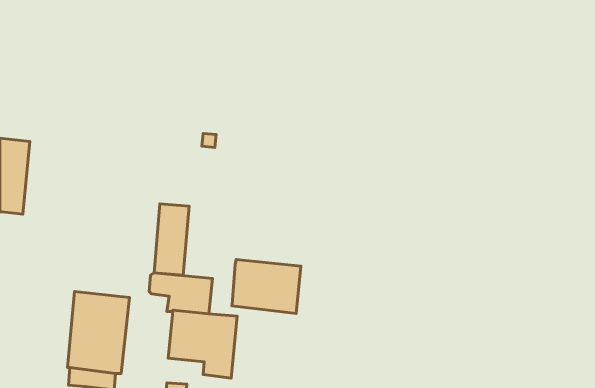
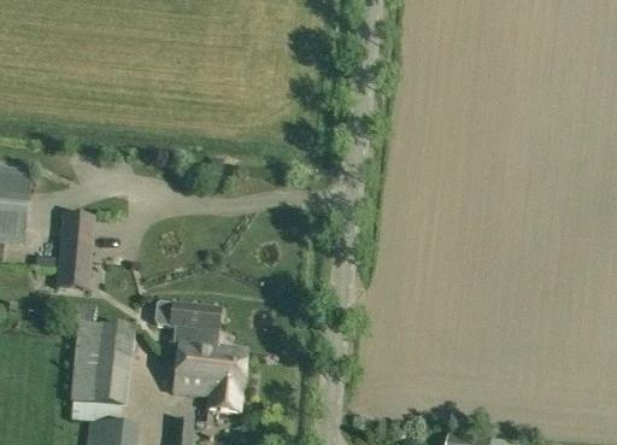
building: [154,204,189,275] -> [58,212,94,286]
building: [232,260,301,313] -> none

